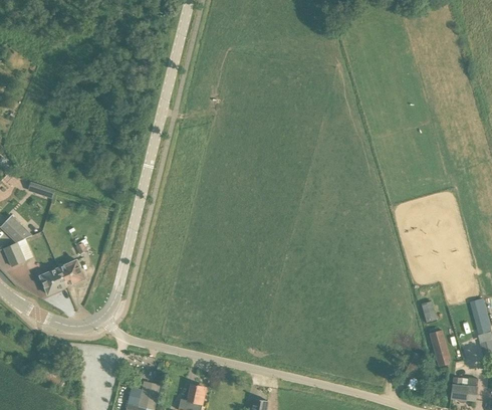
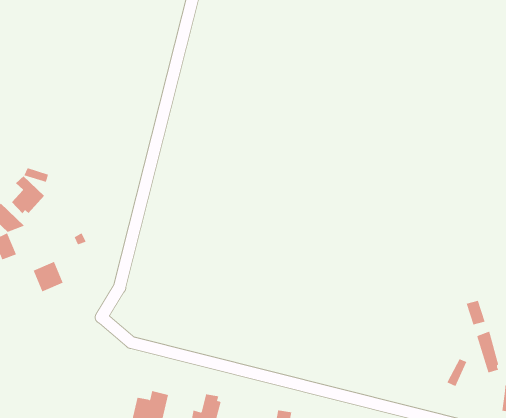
building: none -> [11,175,45,214]
building: [58,258,84,285] -> none

